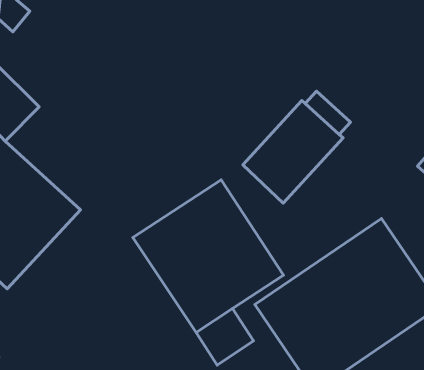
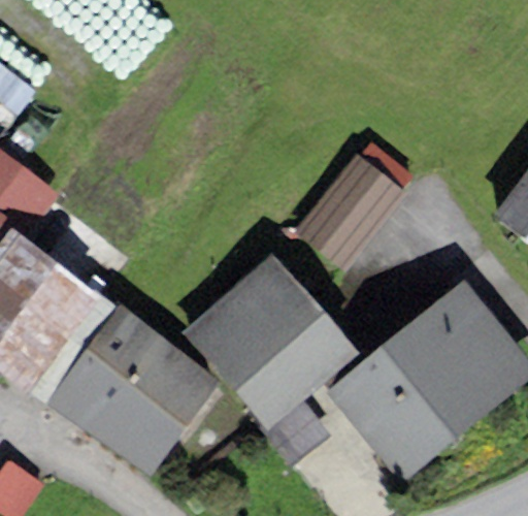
building: none -> [44,305,219,479]

